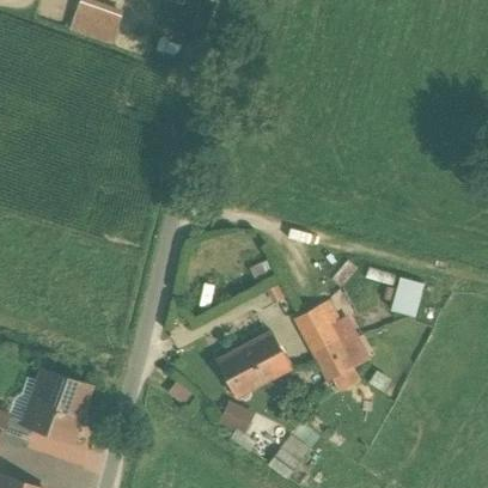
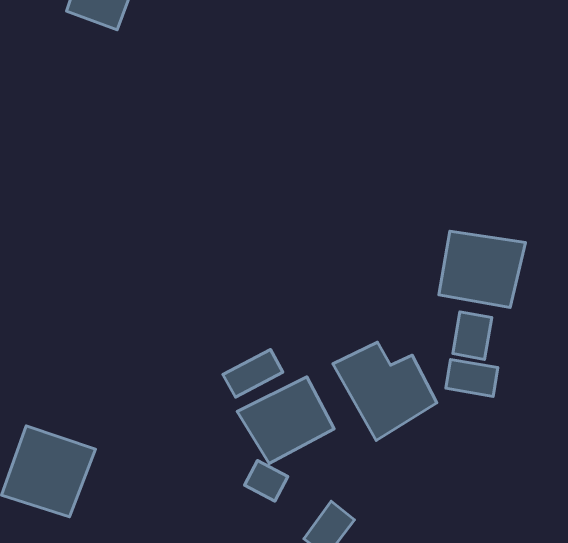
building: none -> [439,231,525,307]
building: none -> [223,349,283,397]
building: none -> [446,359,498,396]

